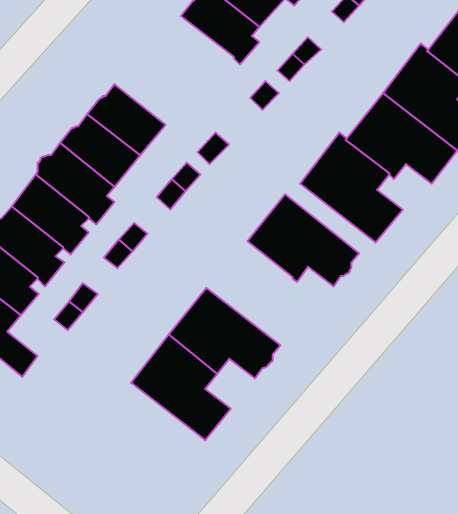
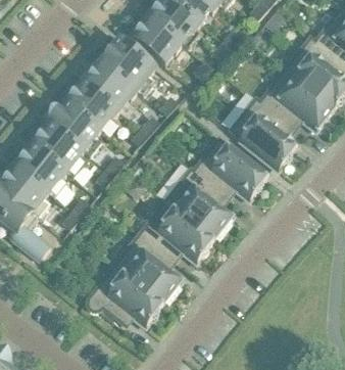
building: none -> [128,16,181,65]
building: none -> [100,41,153,96]
building: none -> [162,167,230,239]
building: none -> [84,265,161,326]

